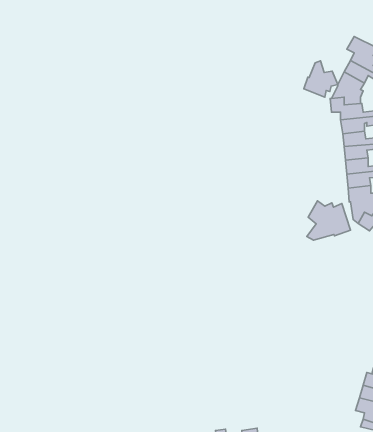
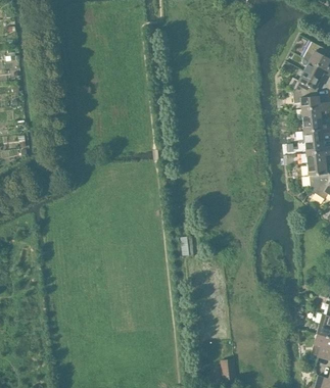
building: [304,61,338,97] -> none
building: [307,201,350,240] -> none

